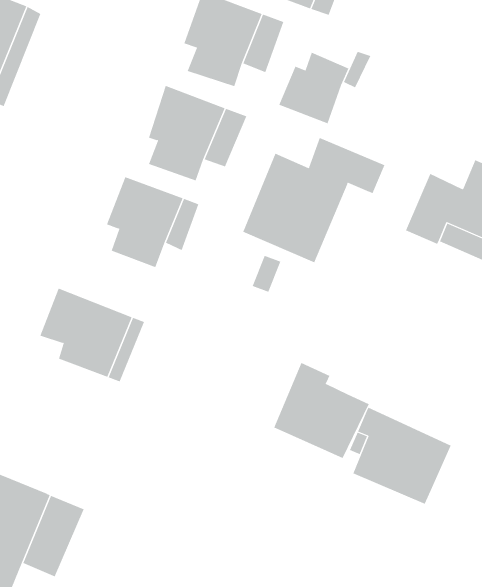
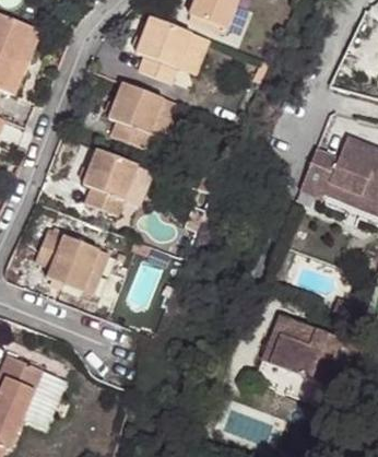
building: [279,52,349,124] -> none
building: [243,137,385,263] -> none
building: [273,362,369,459] -> none

